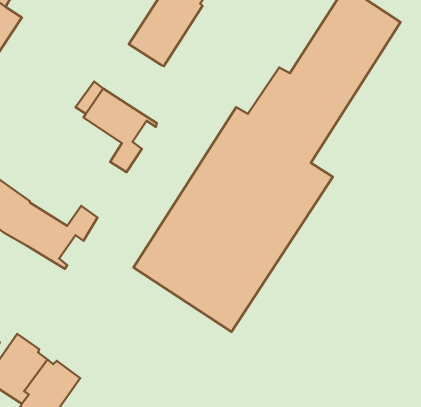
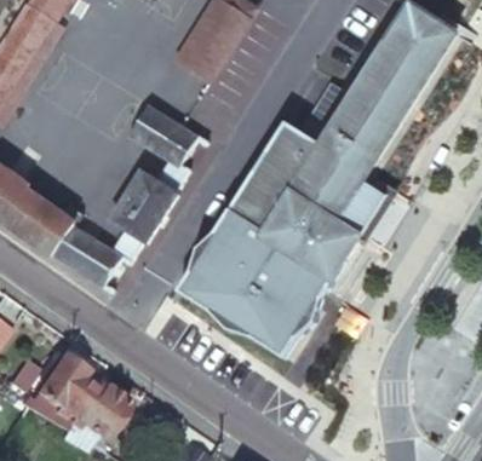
building: none -> [114,171,177,238]

